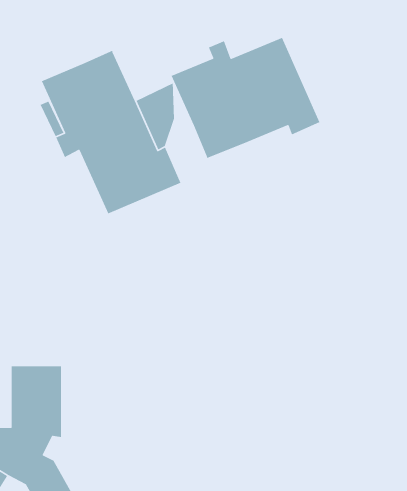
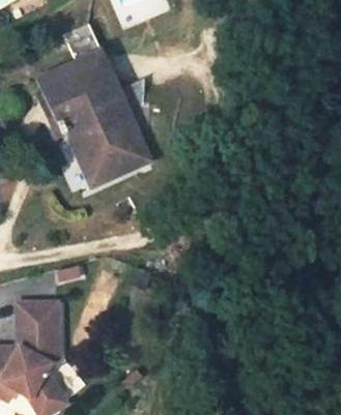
building: none -> [64,26,103,64]
building: [171,37,320,160] -> none

